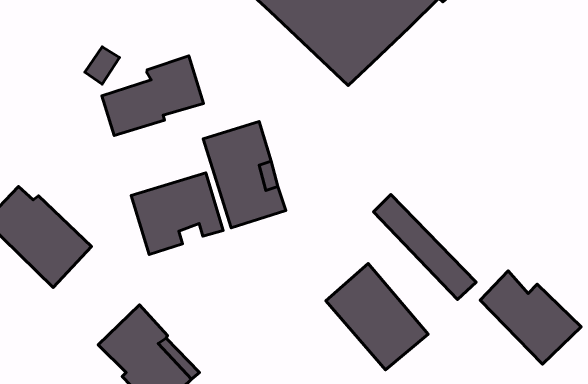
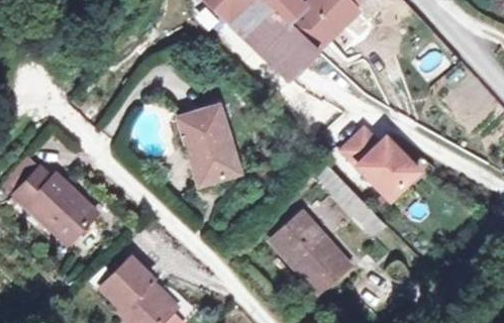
building: [102,56,203,136] -> none
building: [131,173,223,254] -> none
building: [480,271,581,364] -> [342,131,419,202]

